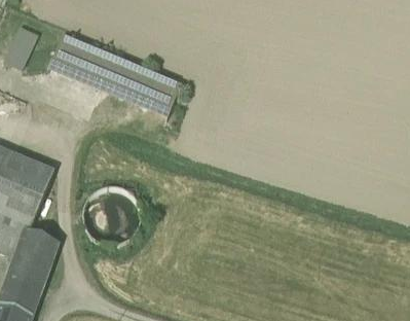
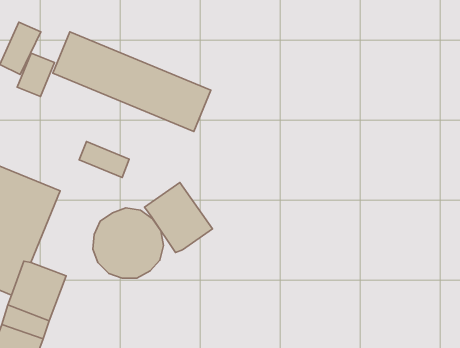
building: none -> [17,53,54,96]
building: none -> [79,142,129,178]
building: none -> [145,182,212,253]

